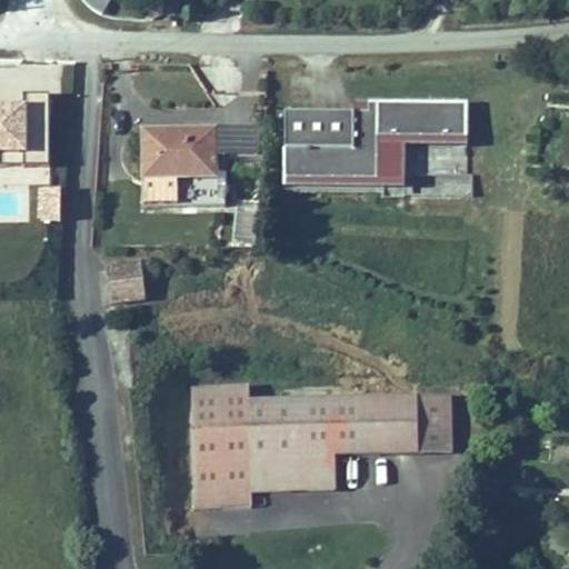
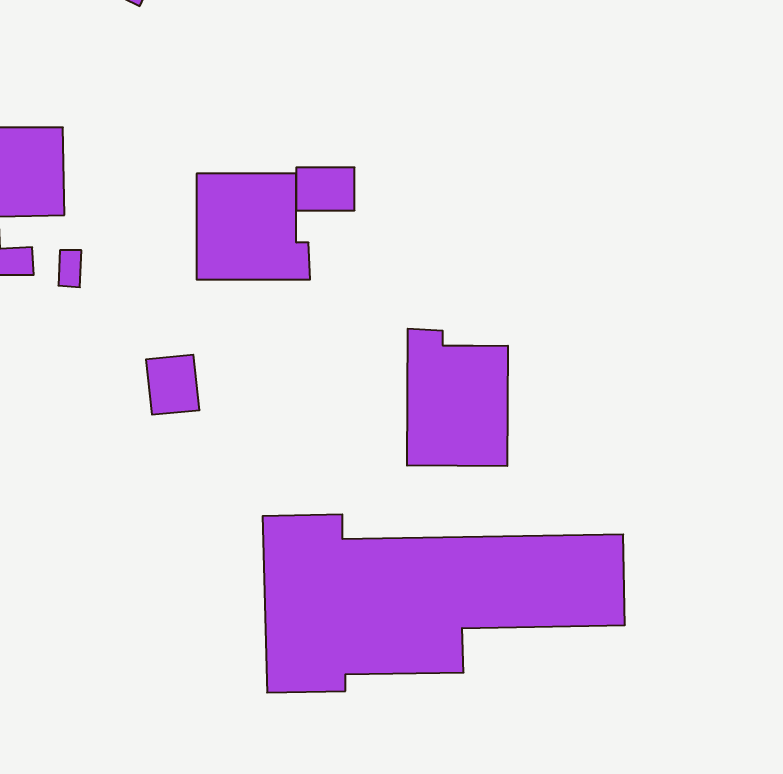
building: [282,102,472,194] -> none
building: none -> [407,329,508,466]

